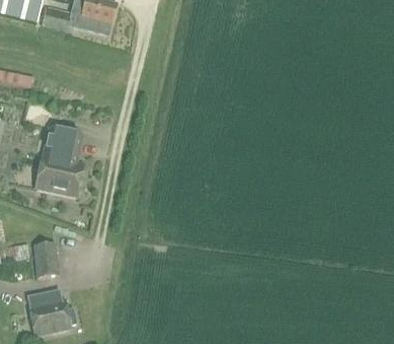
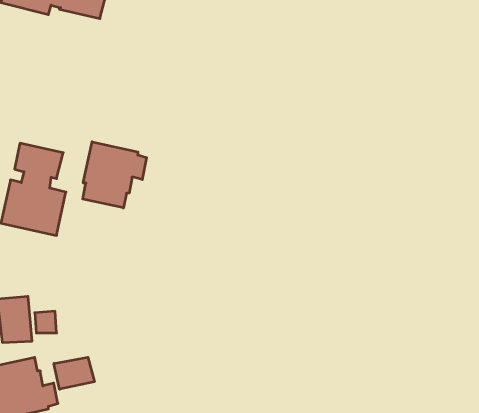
building: none -> [83,142,147,208]
building: none -> [54,357,94,389]

